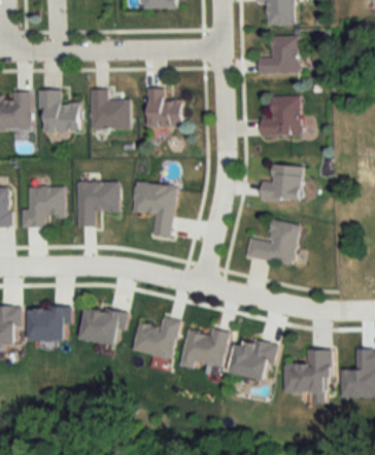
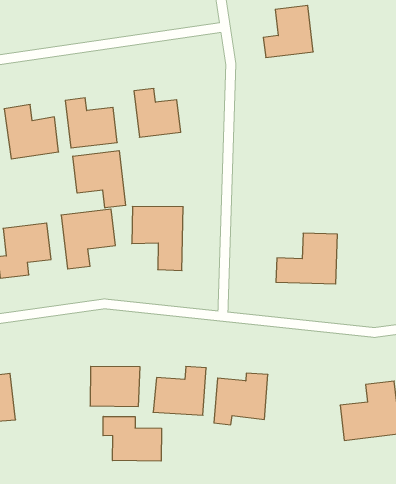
building: [261,97,299,136] -> none
building: none -> [73,151,126,208]
building: [261,165,302,203] -> none
building: [30,308,67,341] -> none
building: [230,337,276,381] -> none
building: none -> [103,416,161,461]

